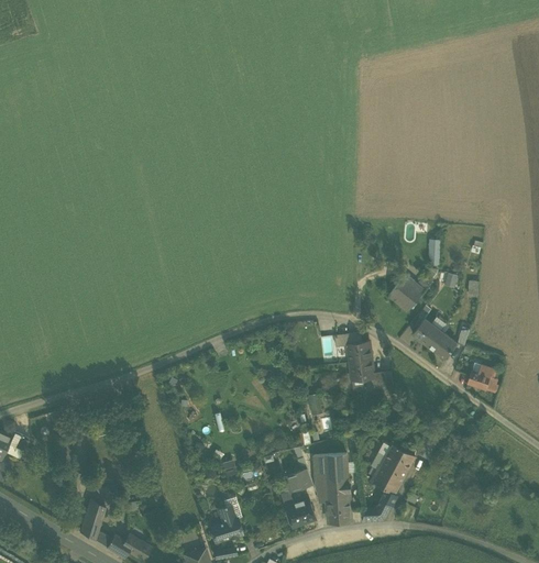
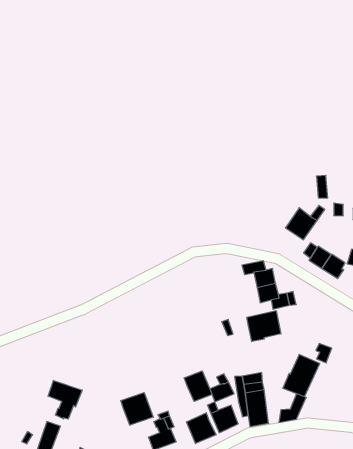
building: none -> [247,311,281,342]
building: none -> [48,380,82,419]
building: none -> [184,371,212,401]
building: none -> [121,393,153,425]
building: none -> [187,413,216,444]

